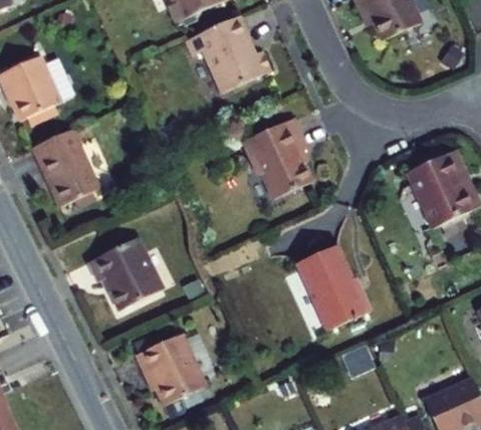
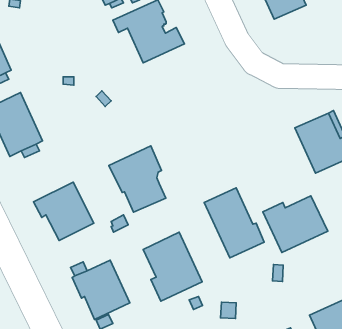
building: [242,117,311,198] -> [109,146,166,212]
building: none -> [263,196,328,252]
building: none -> [143,232,202,301]

